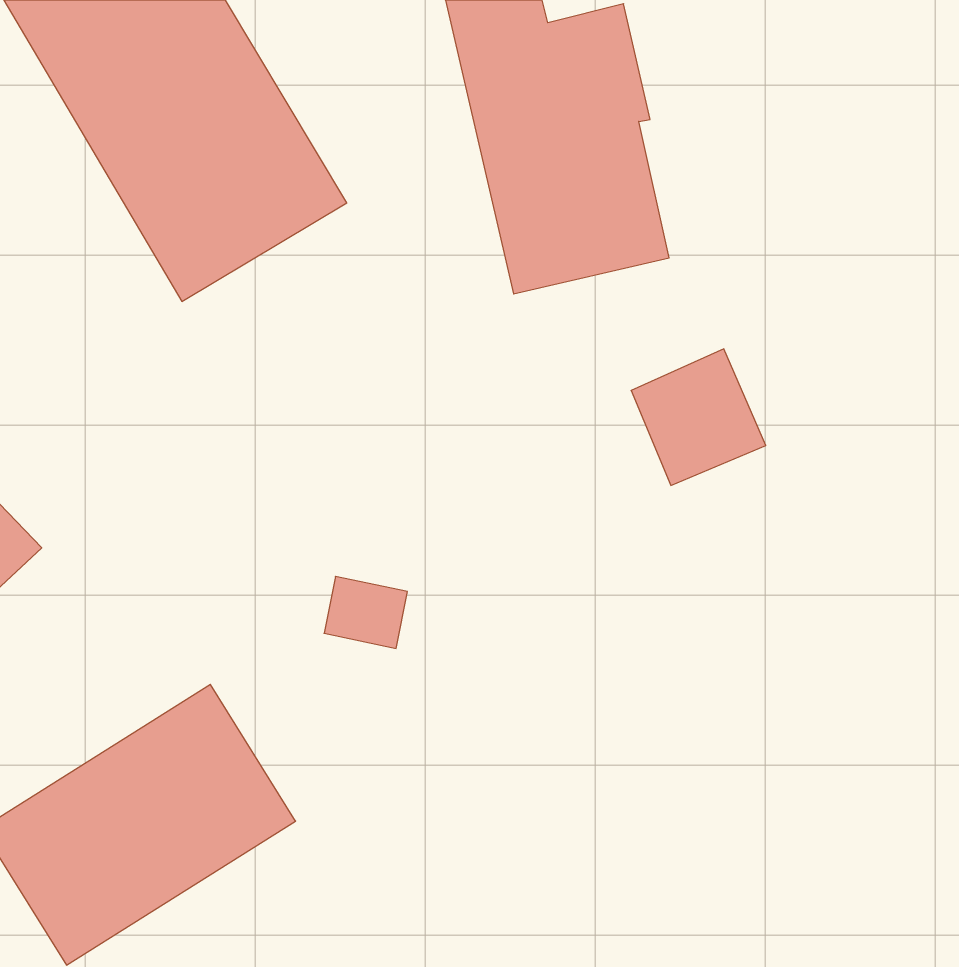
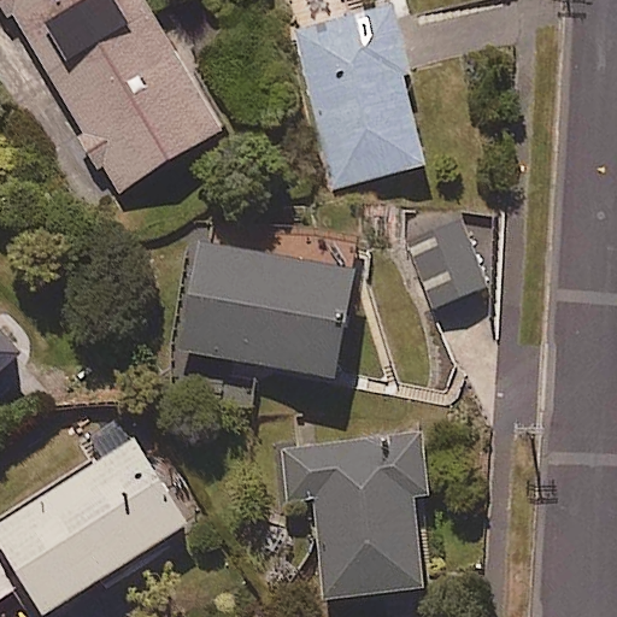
building: none -> [177,215,363,377]
building: none -> [276,434,431,599]

